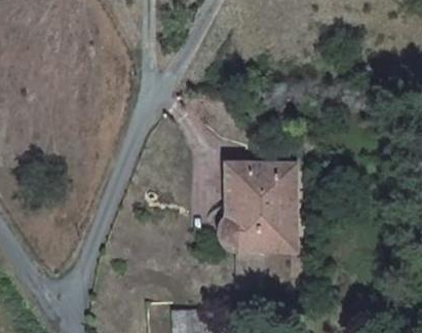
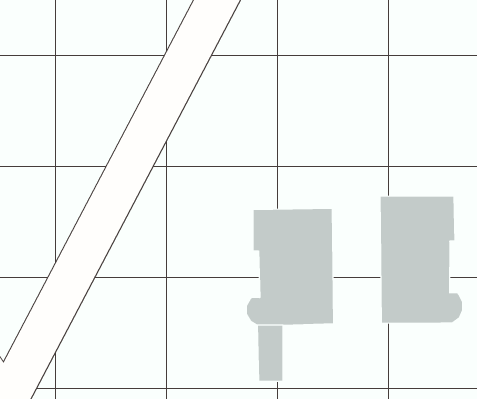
building: none -> [380,196,463,323]

